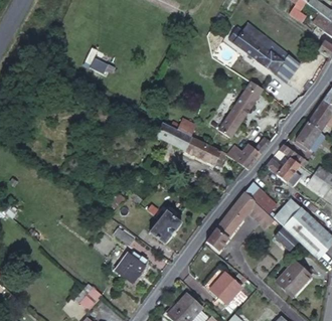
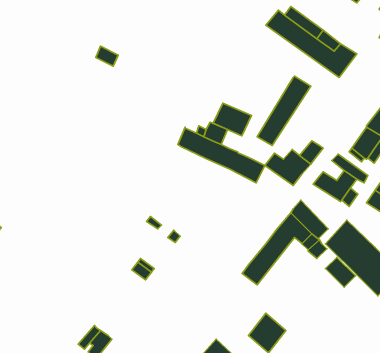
building: none -> [213,103,252,136]
building: [149,210,181,245] -> none
building: [118,253,148,284] -> none
building: [272,258,307,294] -> none

